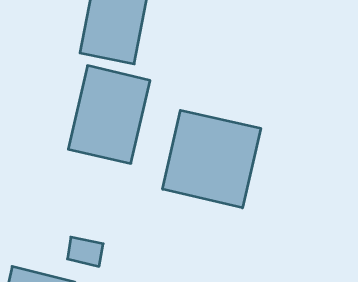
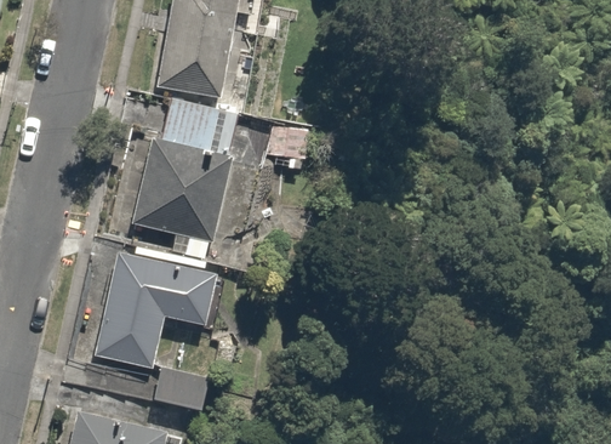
building: [163,110,261,208] -> none
building: none -> [78,247,202,363]

